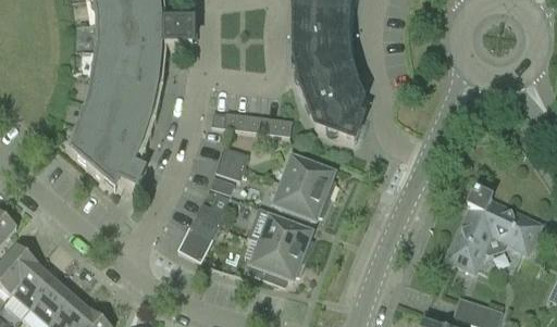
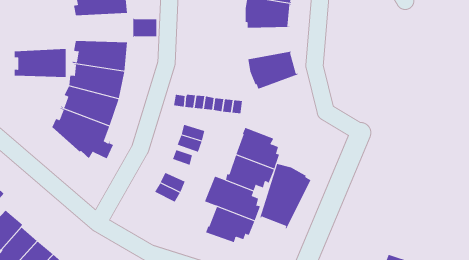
building: [99,17,160,51] -> [14,48,67,78]
building: [295,34,350,71] -> none
building: [310,88,363,141] -> none
building: none -> [259,163,311,229]
building: [449,191,539,266] -> none
building: [178,224,214,260] -> none

